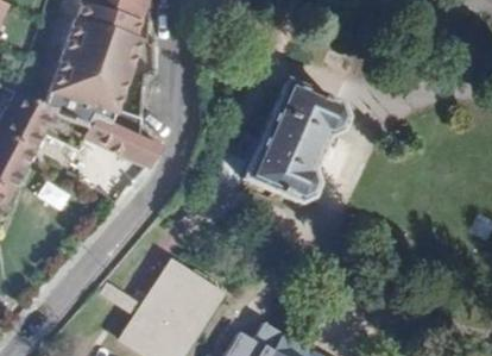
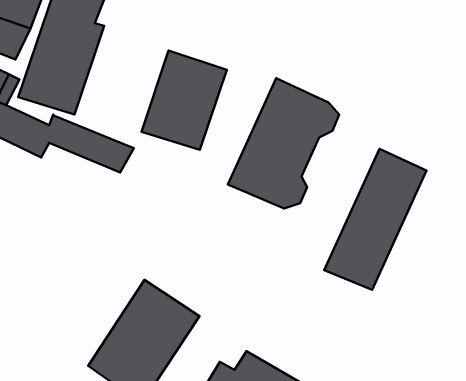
building: none -> [142,50,227,150]
building: none -> [324,149,427,290]

